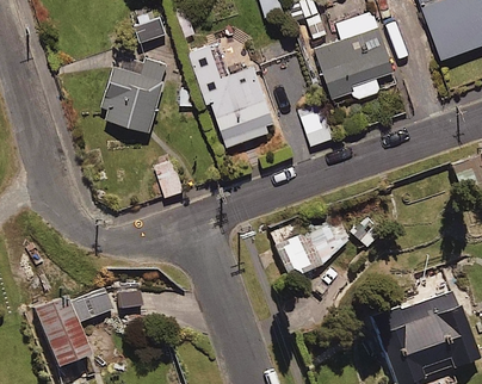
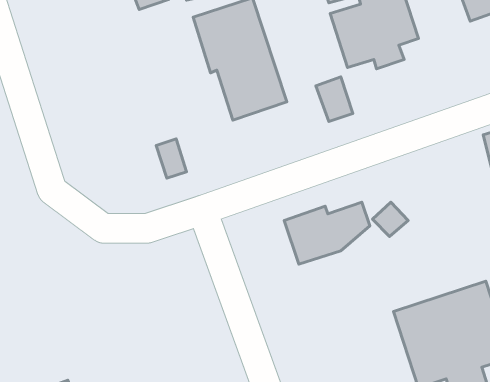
building: [97,49,168,131] -> none
building: [32,291,113,368] -> none

